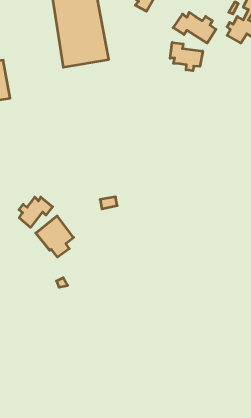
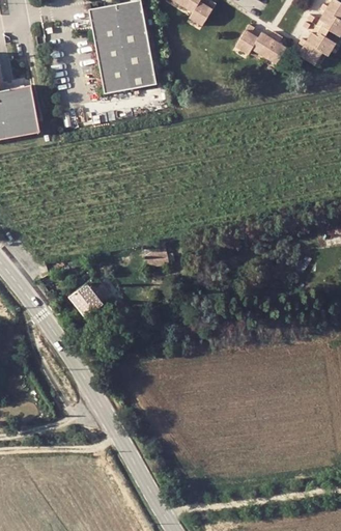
building: [170,42,203,71] -> none
building: [19,197,53,227] -> none

